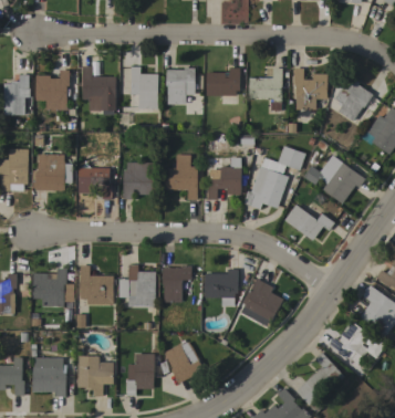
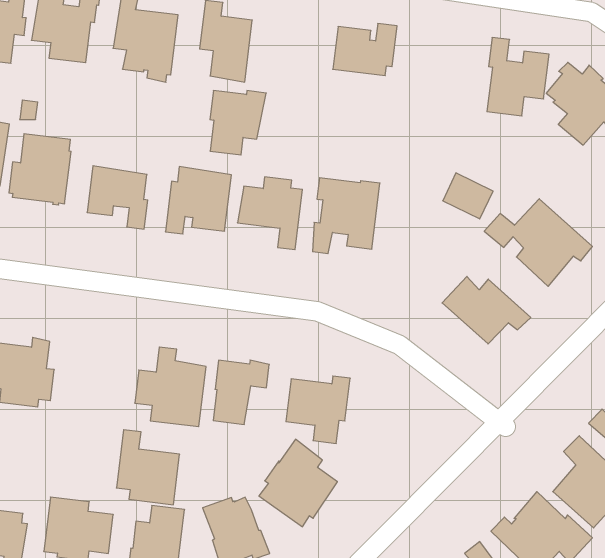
building: [166,67,196,104] -> [210,91,266,155]
building: [249,67,282,111] -> none
building: [243,167,289,209] -> none
building: [80,265,113,304] -> [116,430,180,505]
building: [240,278,283,326] -> [259,439,337,527]

